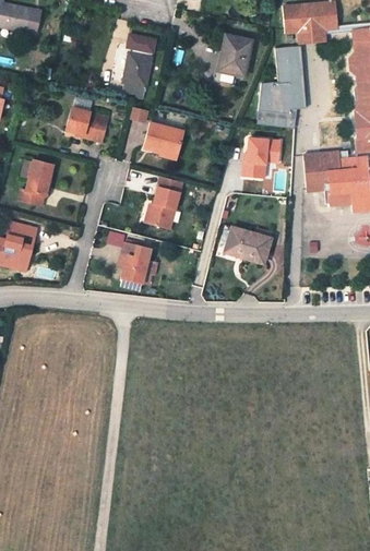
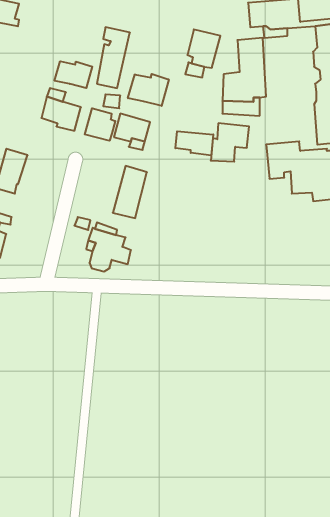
building: none -> [55,61,92,88]
building: none -> [128,74,169,106]
building: none -> [85,108,115,141]
building: none -> [175,131,213,155]
building: [219,227,267,266] -> none

